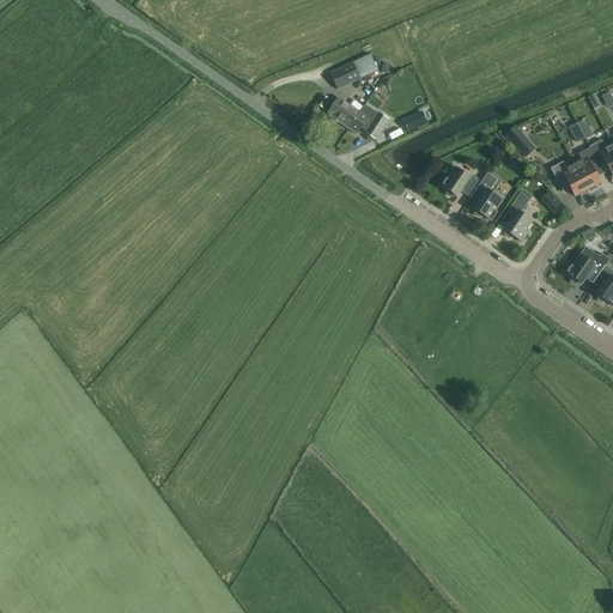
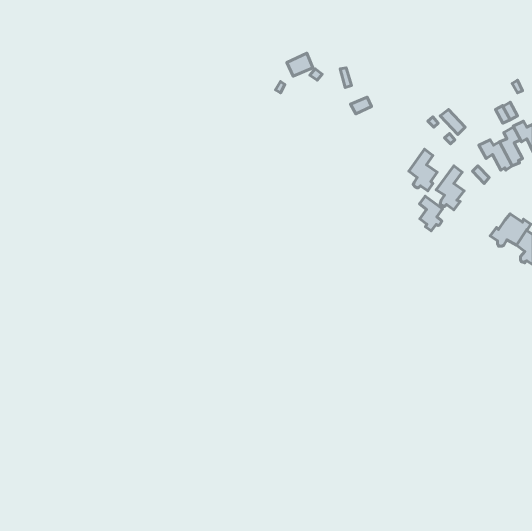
building: [329,97,389,138] -> none
building: [439,165,480,195] -> none
building: none -> [420,196,442,231]

